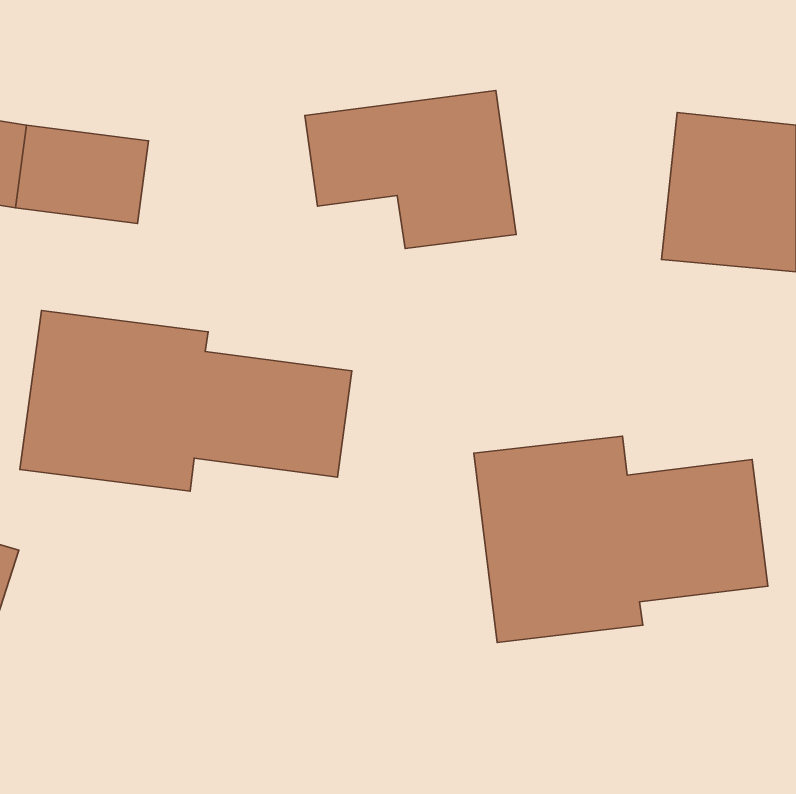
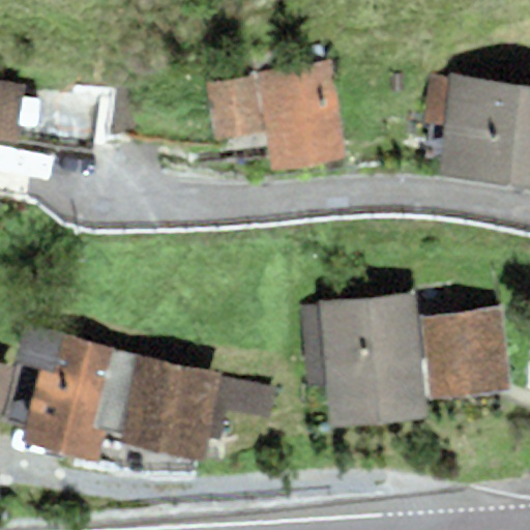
building: [20,311,352,491] -> none
building: none -> [12,325,276,462]

